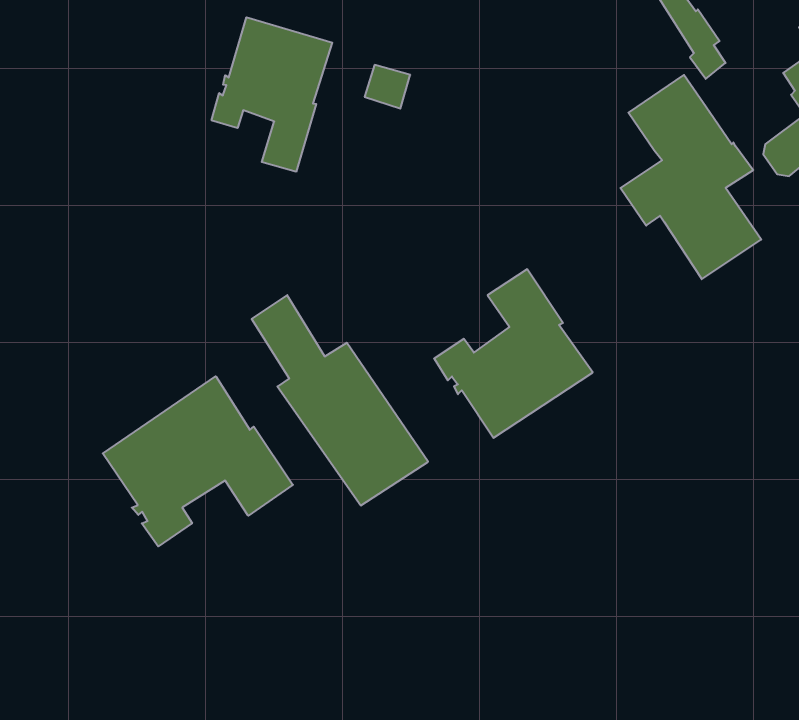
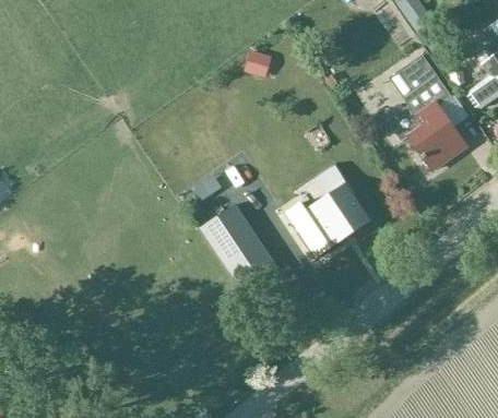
building: [212,17,332,172] -> none
building: [103,376,293,546] -> none

